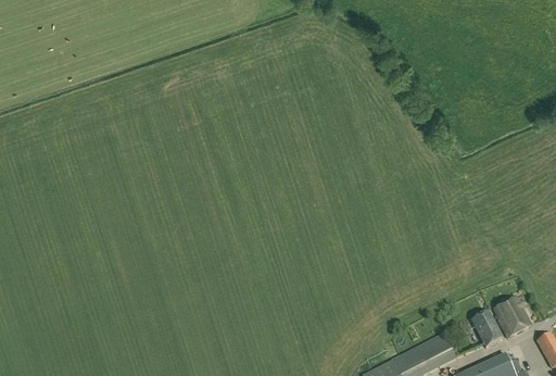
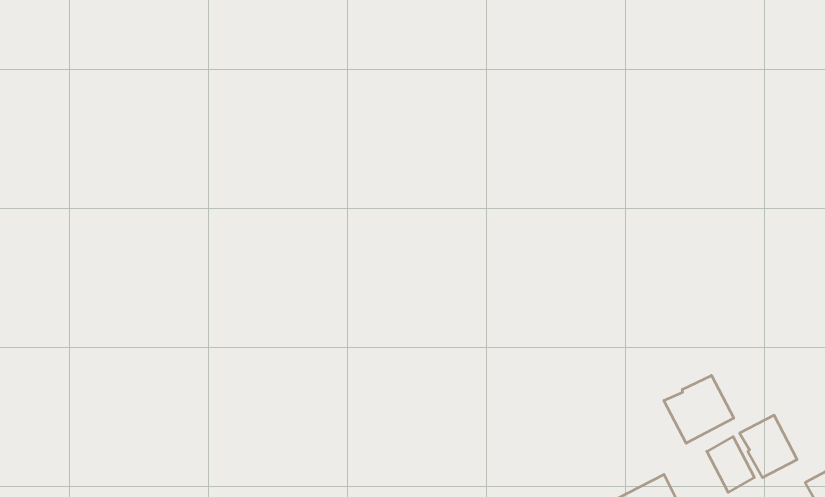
building: none -> [664,375,734,443]

